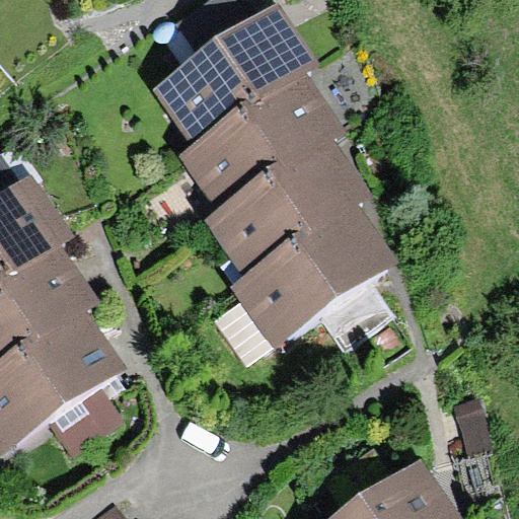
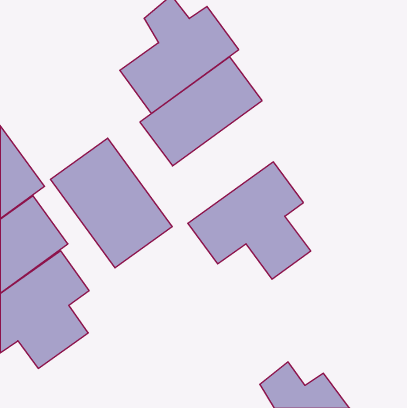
building: [215,139,361,270] -> none
building: none -> [50,138,172,268]

